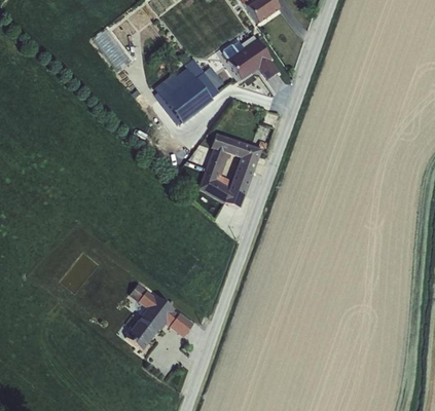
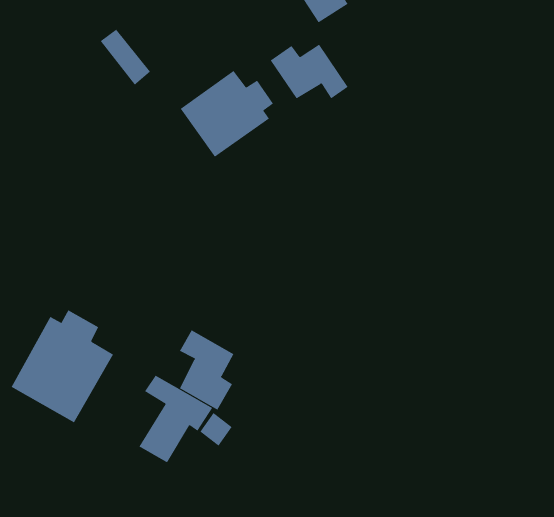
building: [197,130,262,207] -> none
building: none -> [11,310,114,423]
building: none -> [179,330,234,410]

